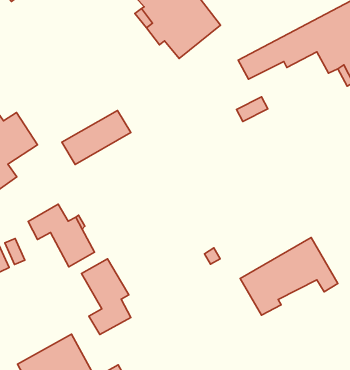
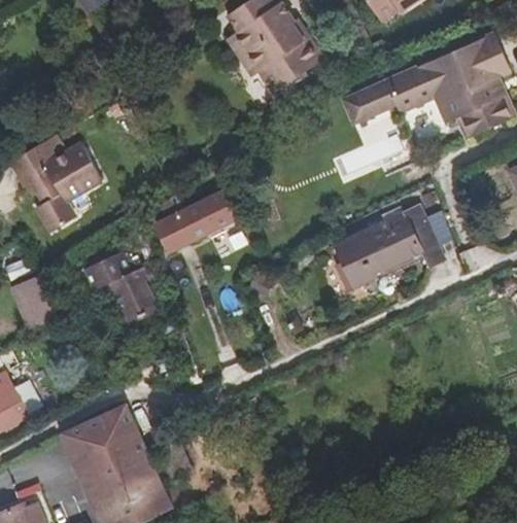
building: [62,110,131,164] -> [156,191,236,250]
building: [240,237,338,315] -> [332,203,444,288]
building: [81,259,131,334] -> none

